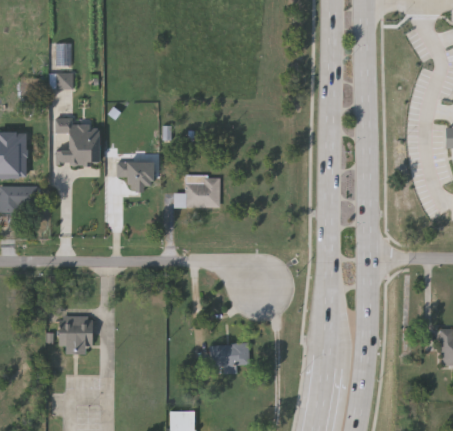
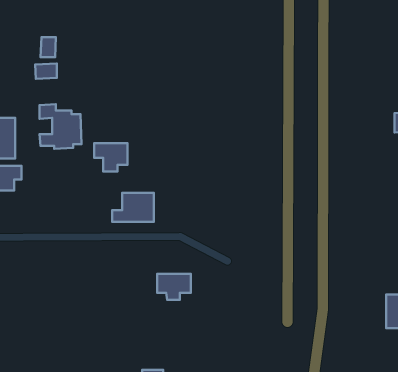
building: [174,175,220,207] -> [112,193,154,222]
building: [60,315,91,354] -> none
building: [211,344,248,373] -> [157,274,191,300]

